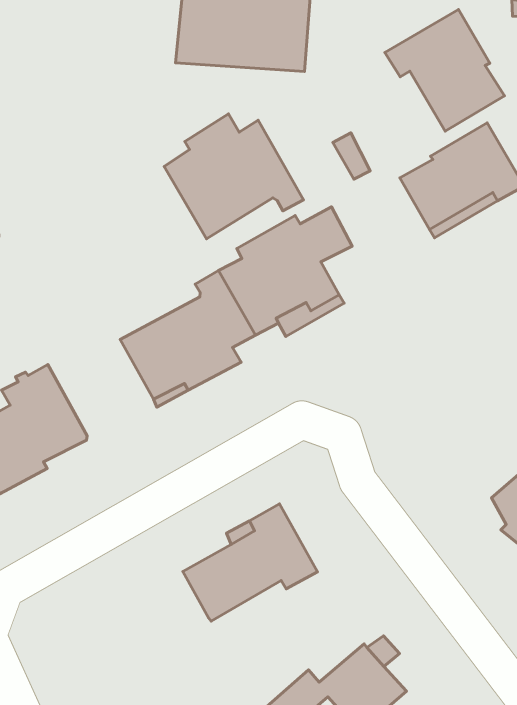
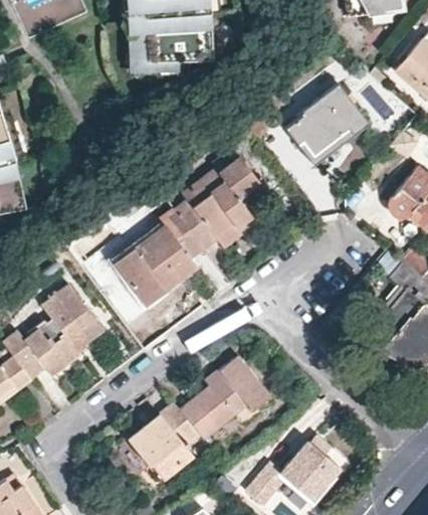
building: [385,9,504,131] -> none
building: [164,114,303,239] -> none
building: none -> [127,403,200,479]

